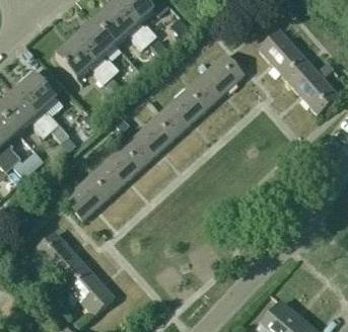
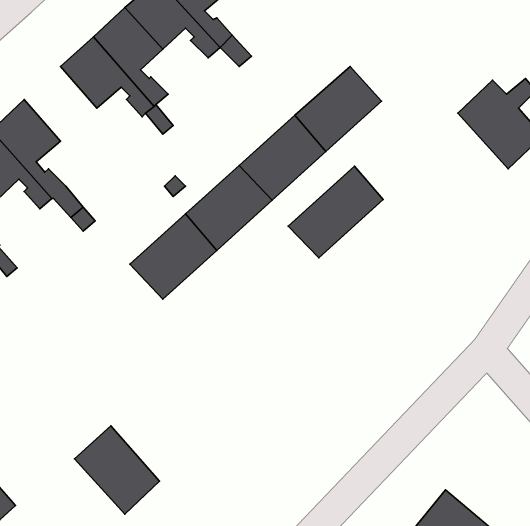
building: [259,29,308,81] -> none
building: none -> [288,166,383,258]
building: [64,169,116,219] -> none
building: [34,231,85,282] -> none

